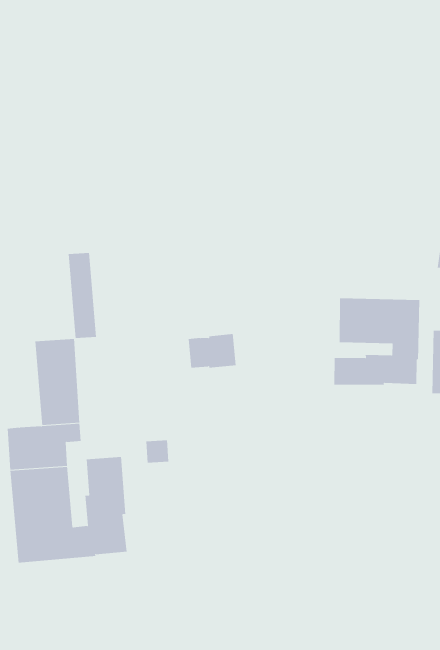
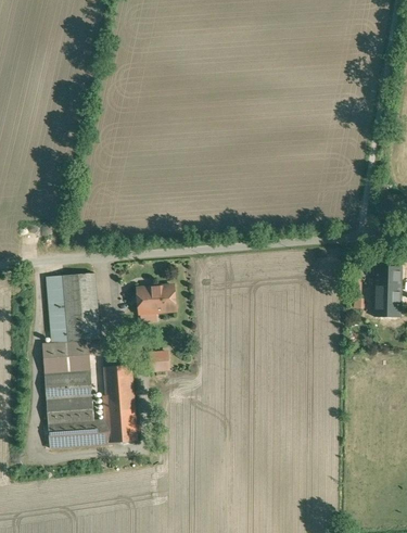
building: [68,253,97,339] -> [46,275,68,342]
building: [334,298,420,386] -> none
building: [188,333,236,368] -> [137,284,175,312]

